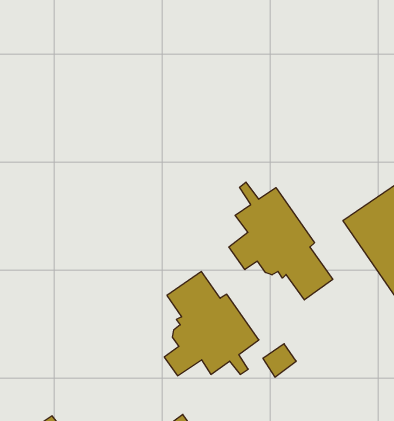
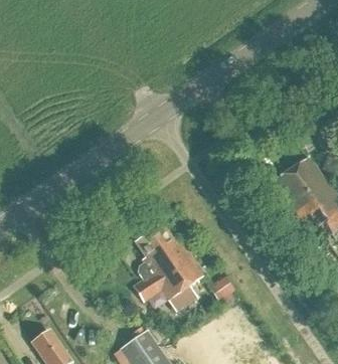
building: [229,182,333,300] -> none

